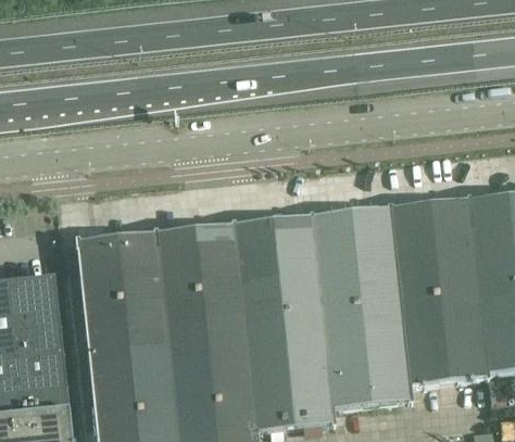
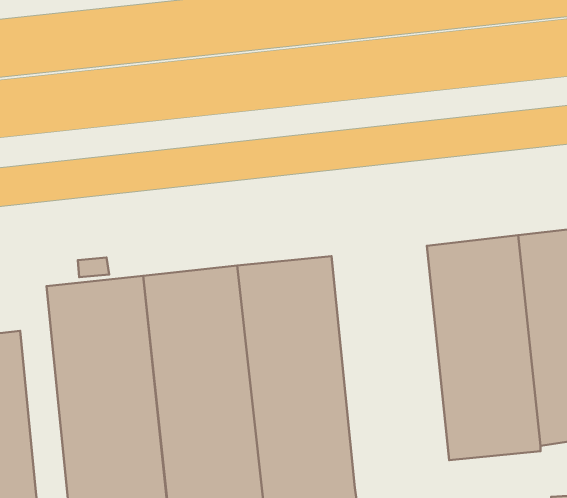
building: [314,204,413,405] -> none

